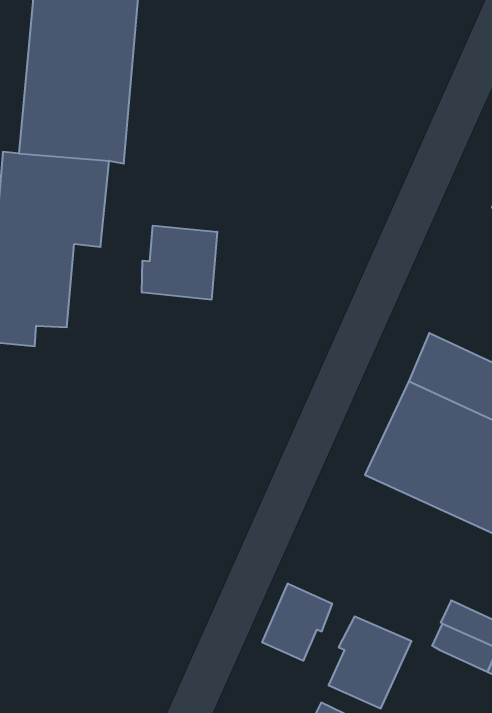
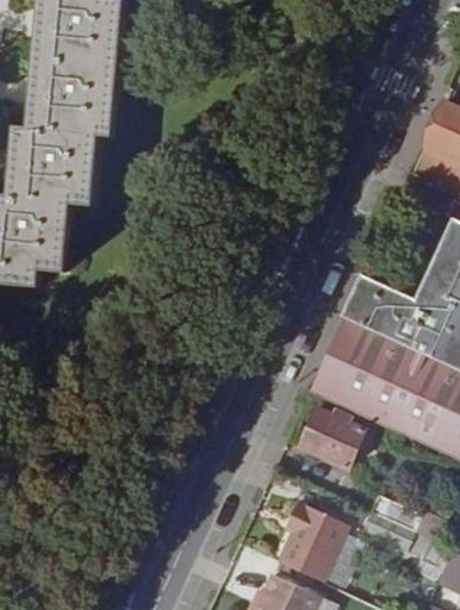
building: [142,226,217,300] -> none
building: none -> [302,407,366,466]
building: [262,583,332,661] -> none

